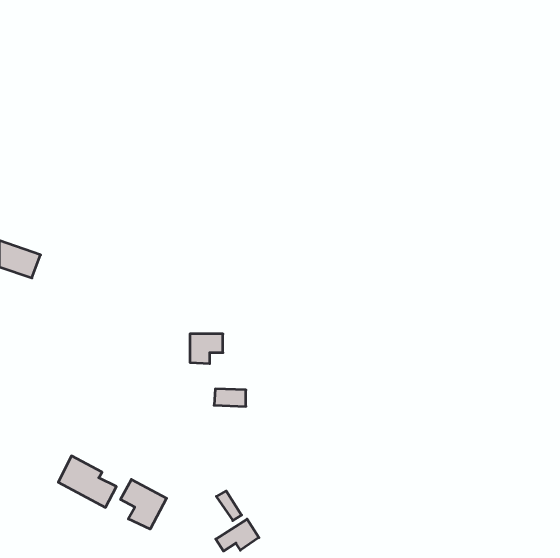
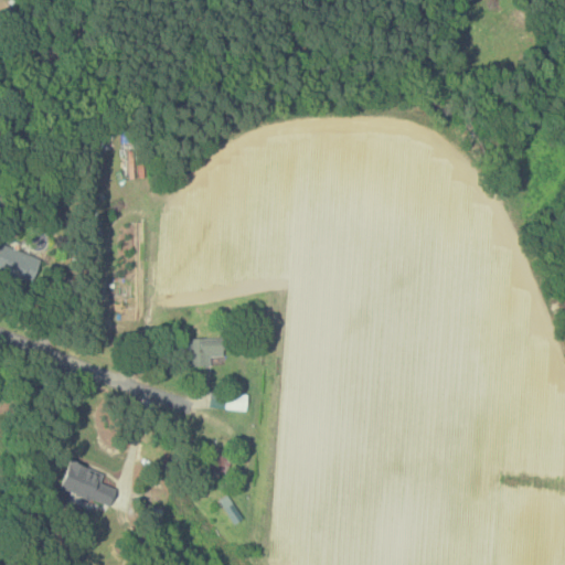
building: [121,479,167,529] -> none
building: [216,519,259,551] -> none

